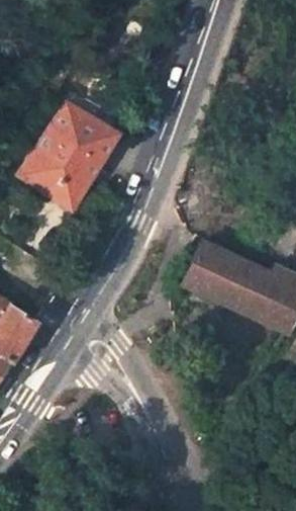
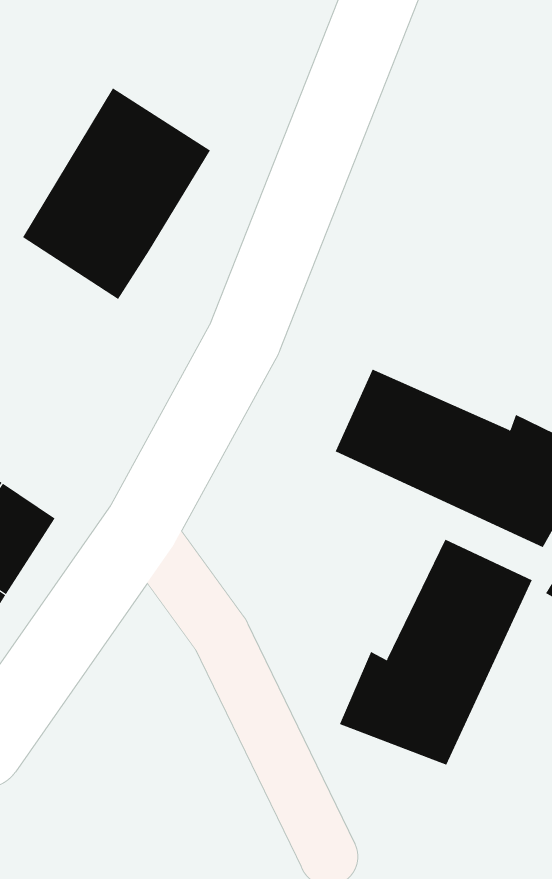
building: none -> [339,539,532,766]

